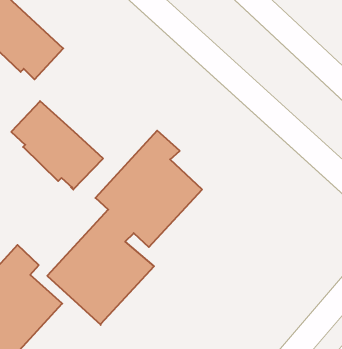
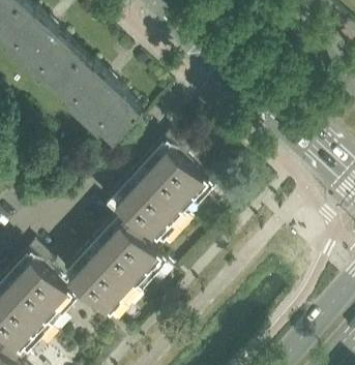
building: [11,101,103,190] -> [46,53,135,139]

